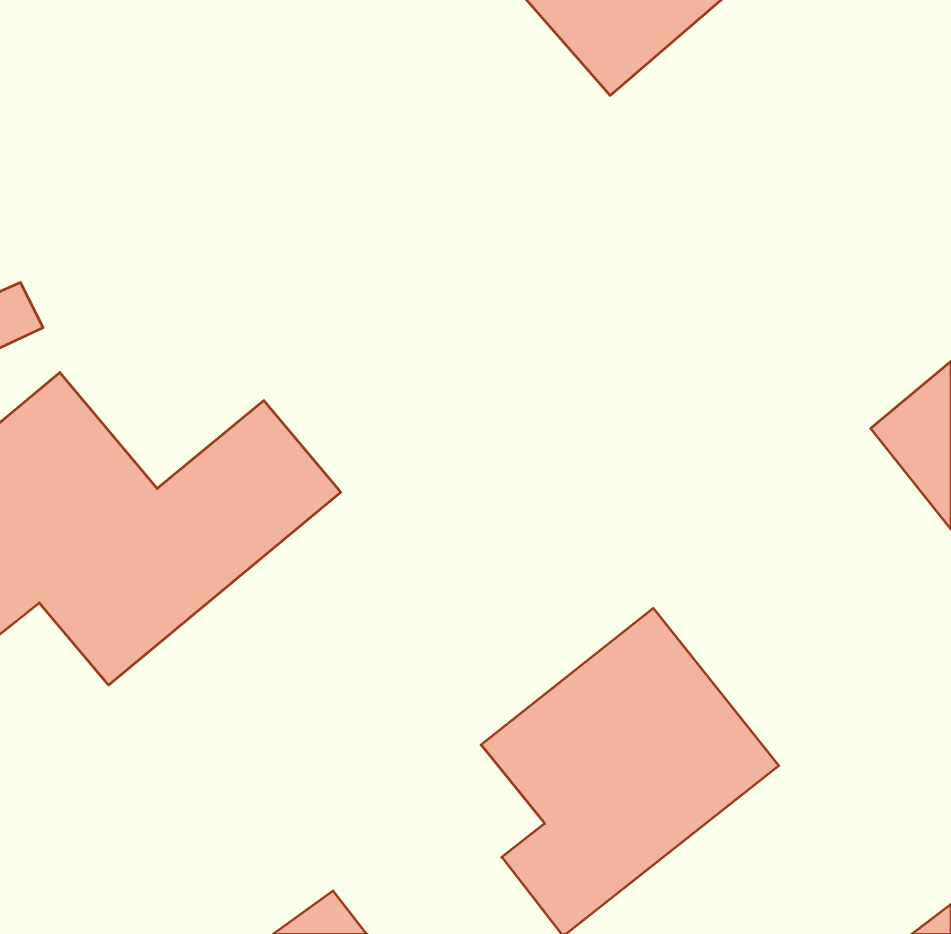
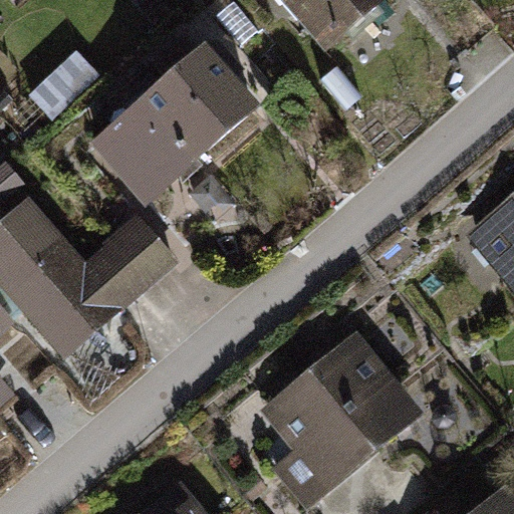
building: none -> [96,56,247,200]

